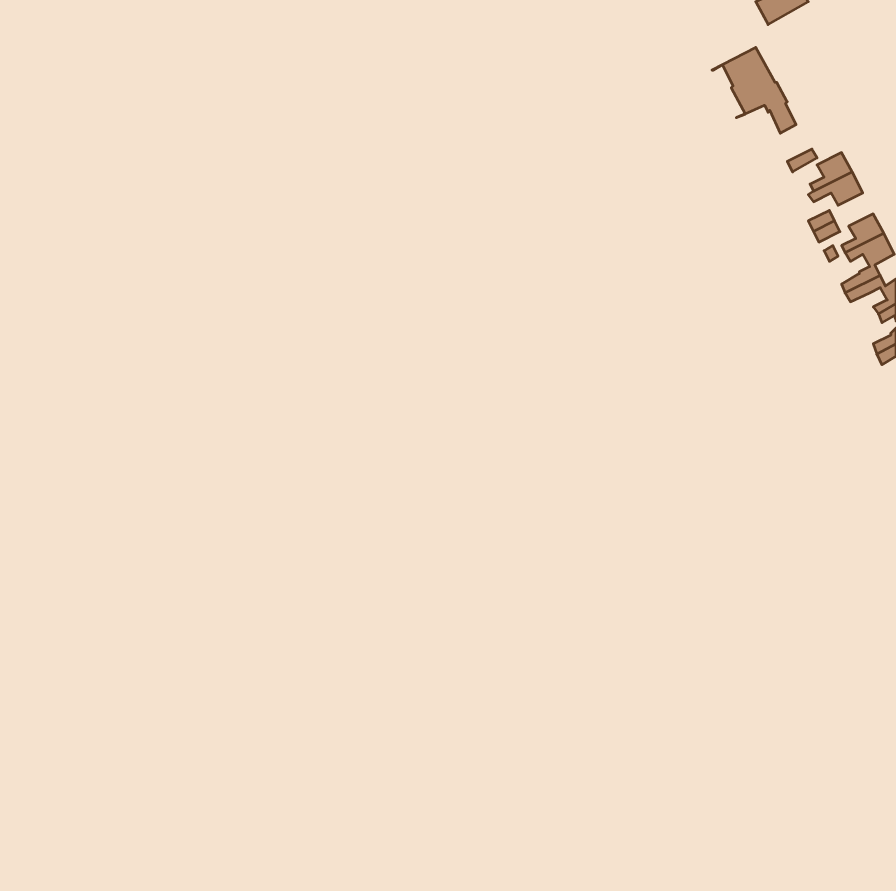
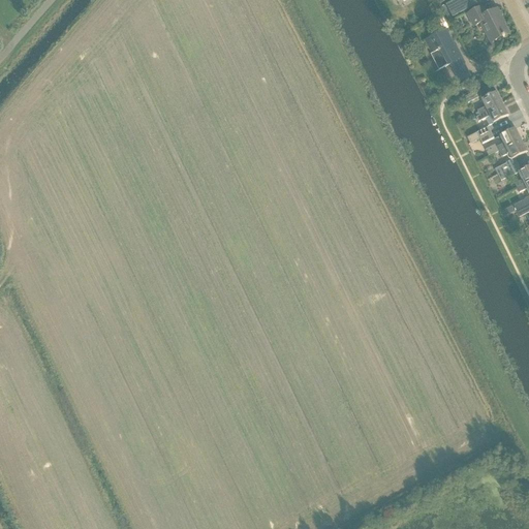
building: none -> [468,5,509,40]

